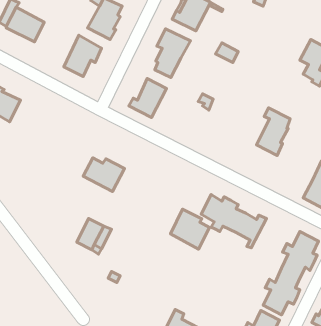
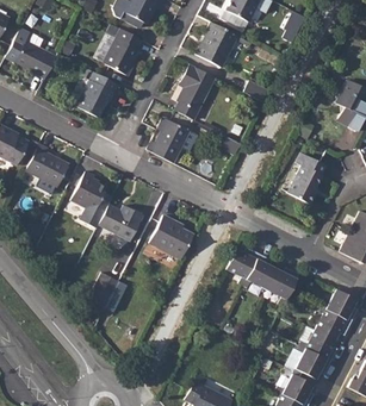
building: none -> [26,148,68,189]
building: none -> [69,175,112,232]
building: [170,209,209,249] -> [151,217,194,261]

